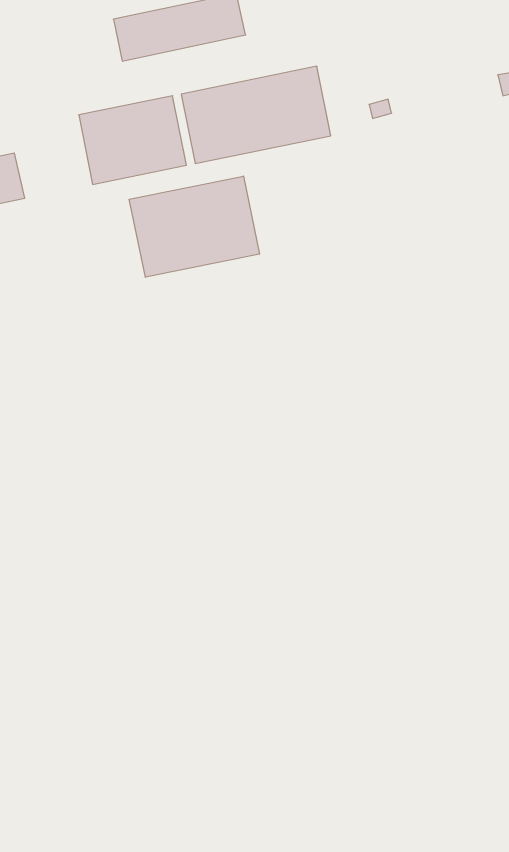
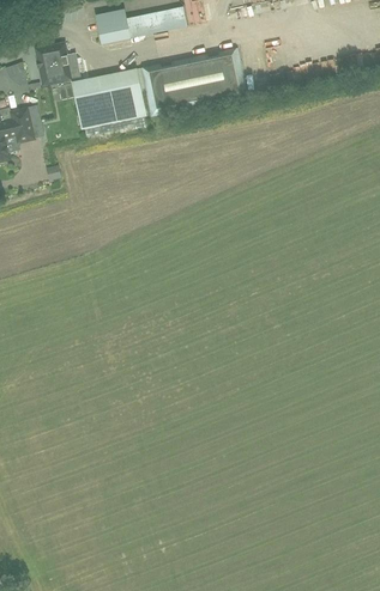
building: none -> [37,43,73,85]
building: [129,176,260,277] -> none

